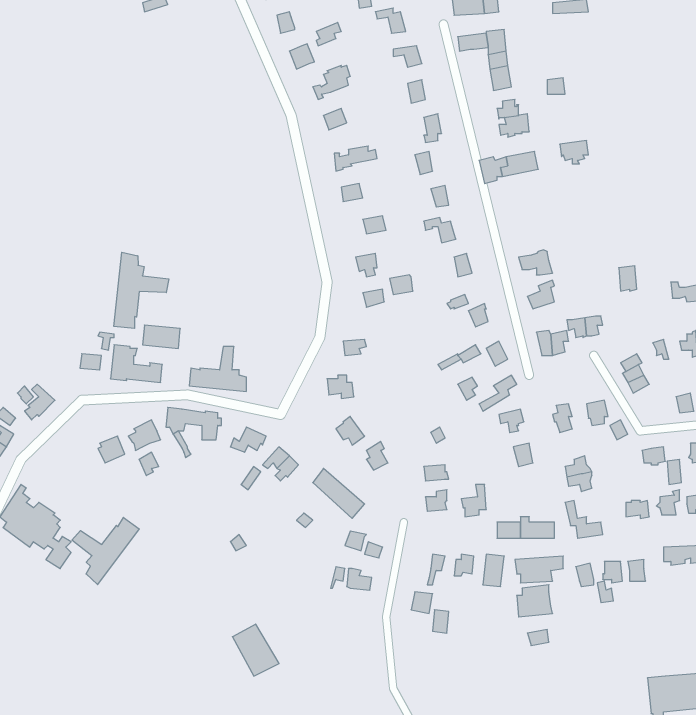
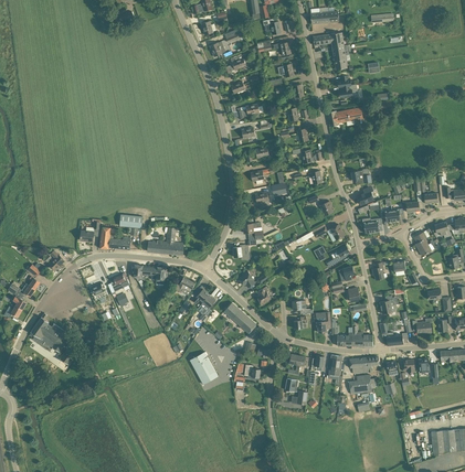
building: [114,252,169,328] -> none
building: [72,517,139,585] -> none
building: [232,624,279,676] -> [189,352,218,384]

